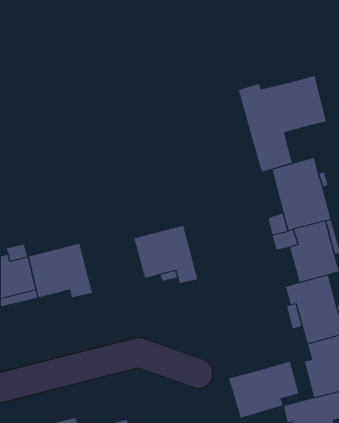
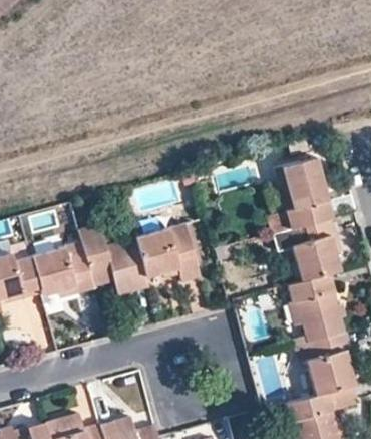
building: [238,75,326,173] -> none
building: none -> [79,225,148,296]
building: [229,361,299,419] -> none

